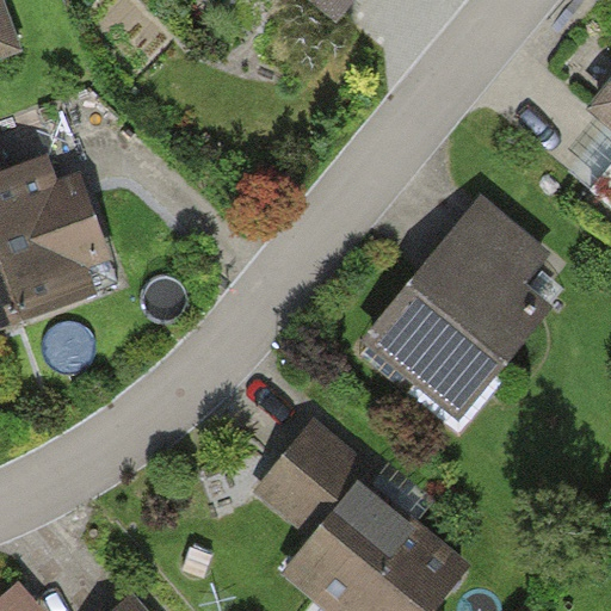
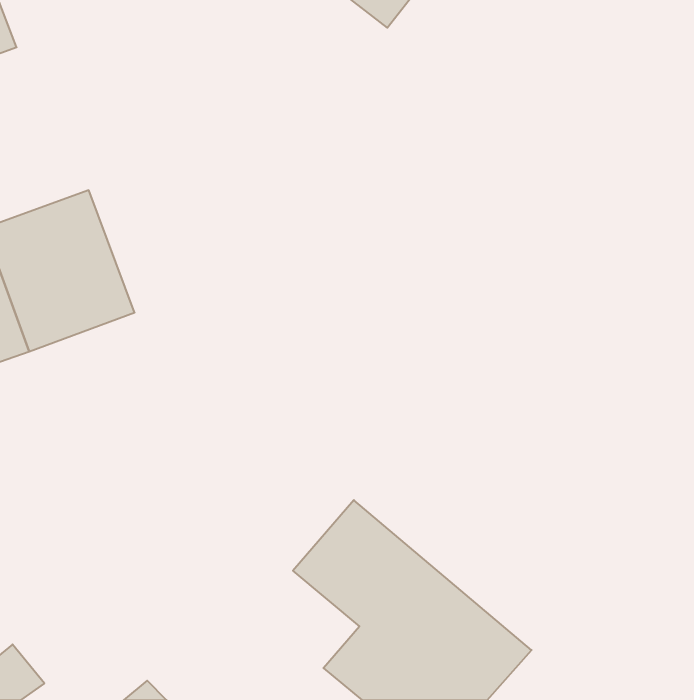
building: [374,211,538,424] -> none

